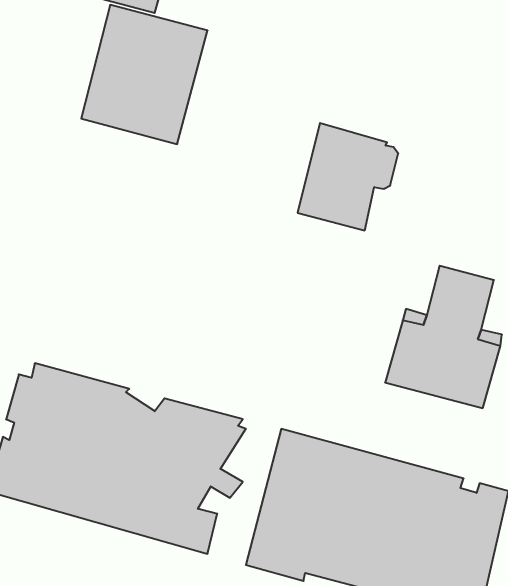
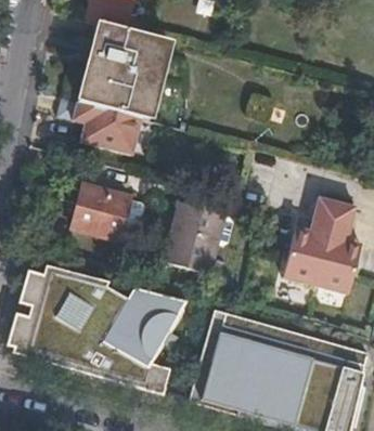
building: none -> [56,94,140,151]
building: [298,123,398,230] -> [163,199,231,272]
building: none -> [70,182,143,243]

